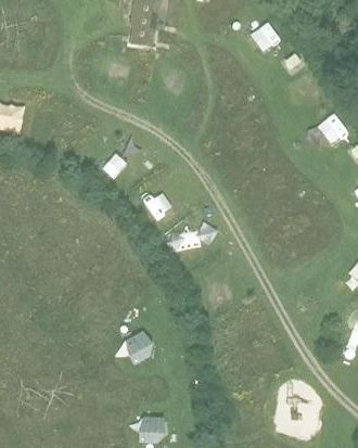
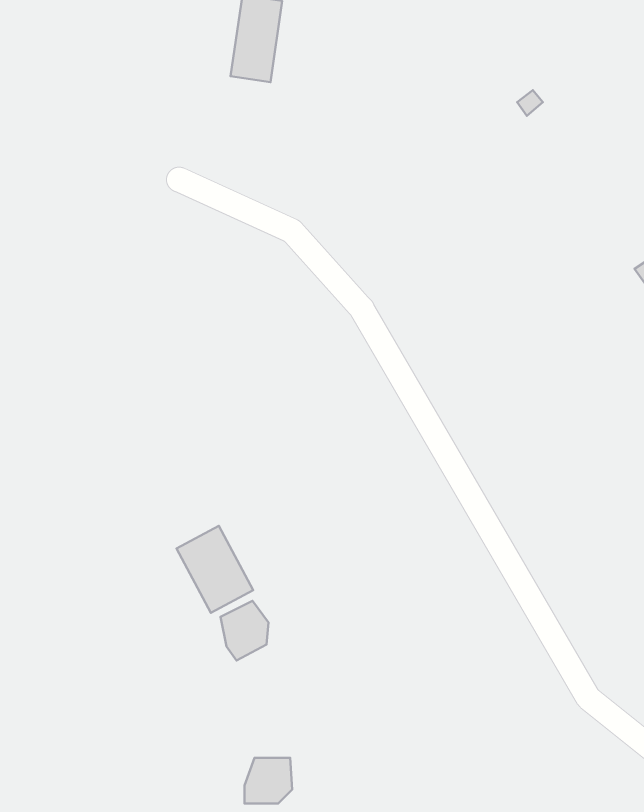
building: none -> [177,526,253,613]

